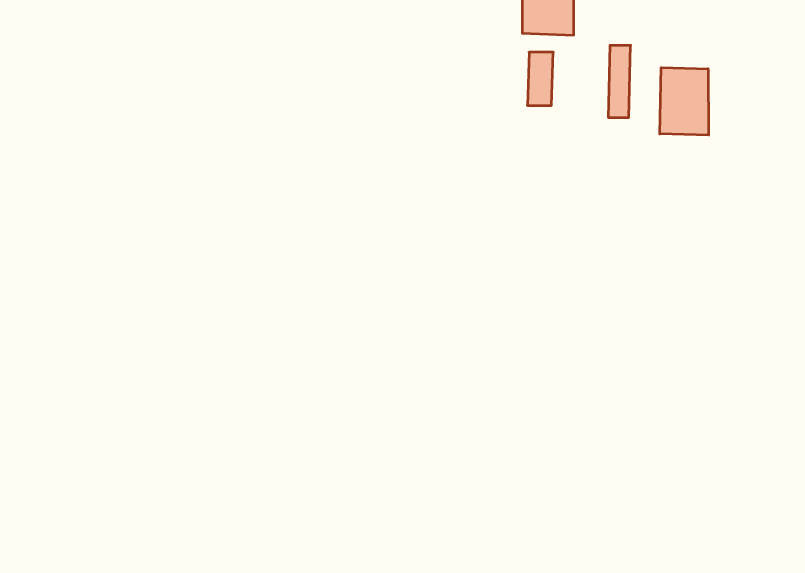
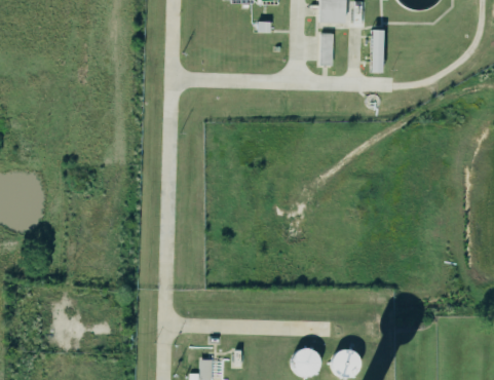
building: [660,68,709,135] -> none

